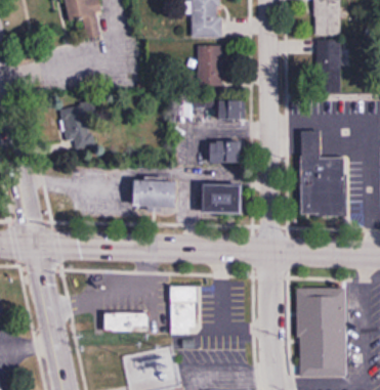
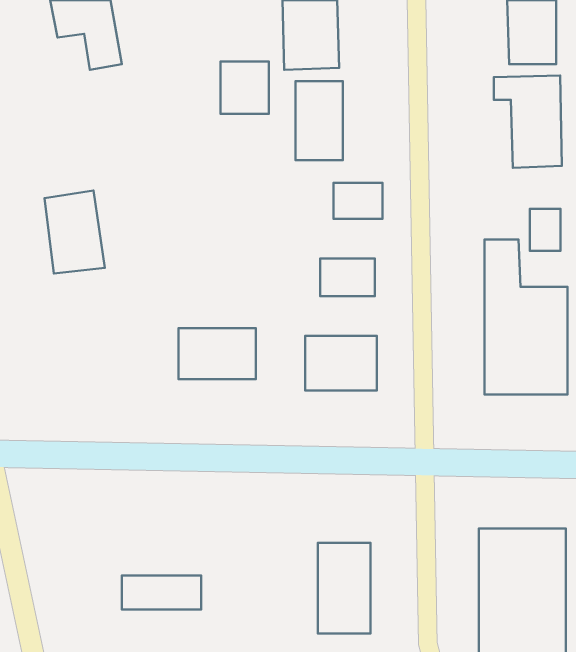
building: none -> [220,61,269,114]
building: none -> [530,209,560,251]
building: [169,286,198,335] -> [318,543,371,633]

